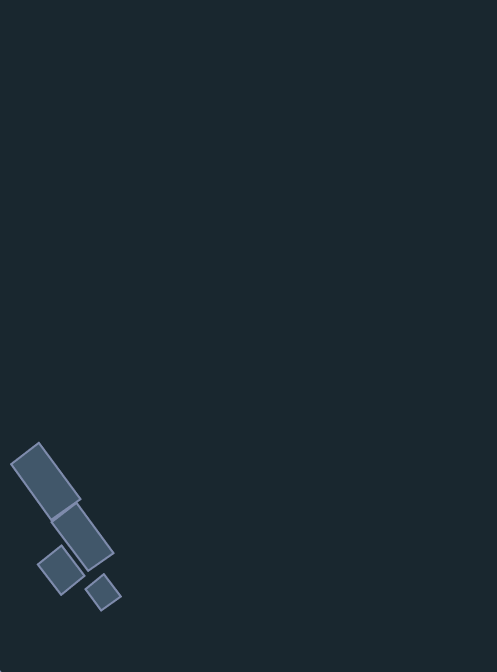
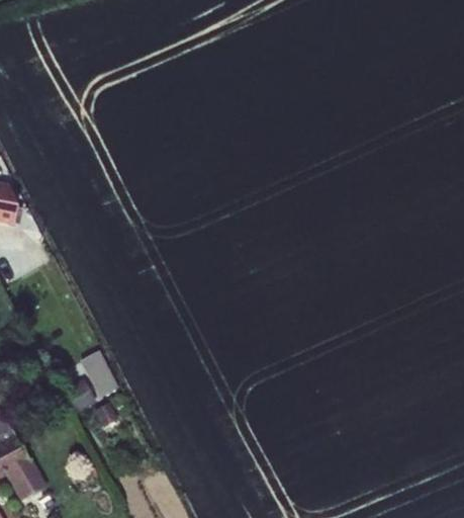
building: [11,443,80,520] -> none

